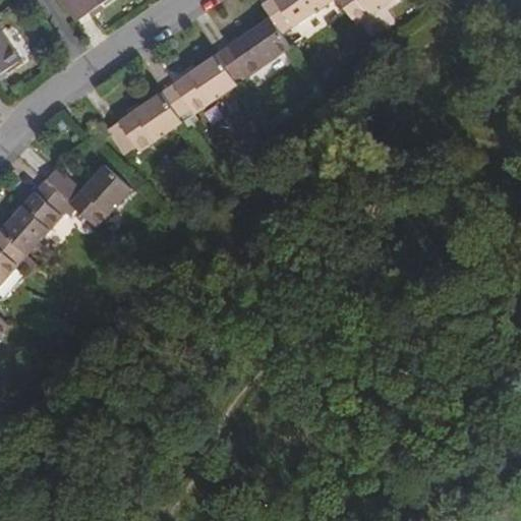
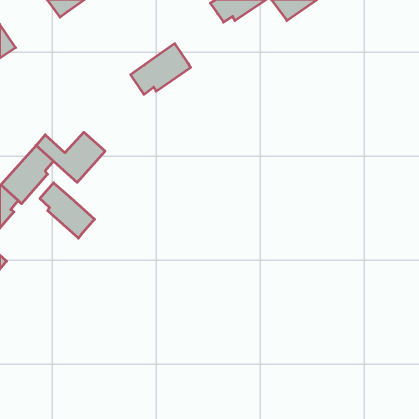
building: [217,17,289,78] -> none
building: [107,93,181,154] -> none
building: none -> [40,183,95,238]

